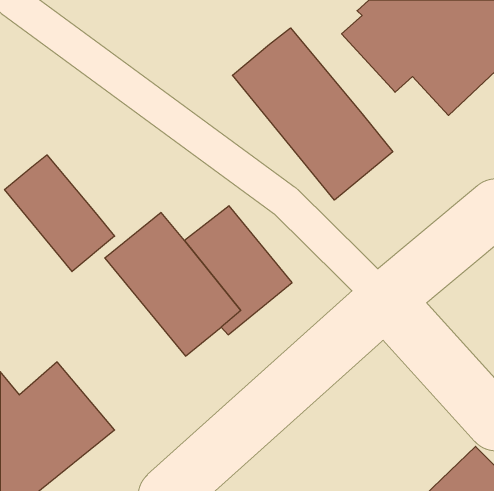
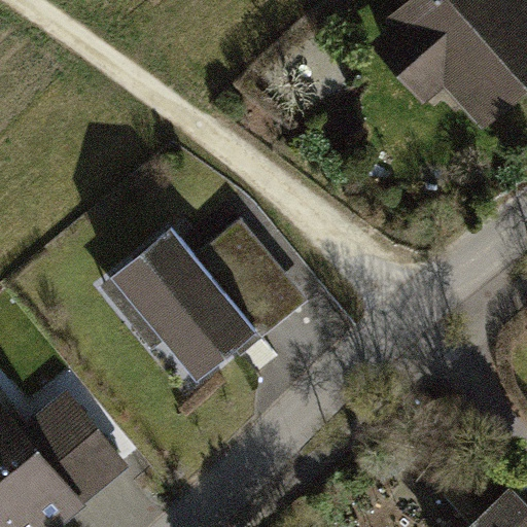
building: [232,28,393,200] -> none
building: [5,155,115,272] -> none

